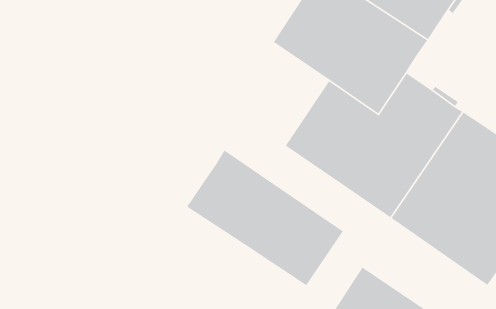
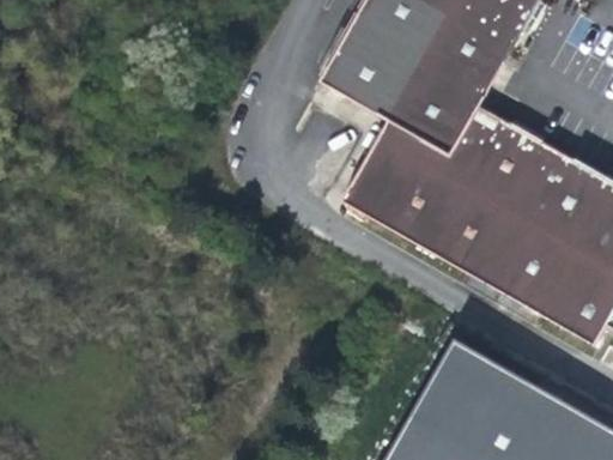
building: [186,150,344,286] -> none

